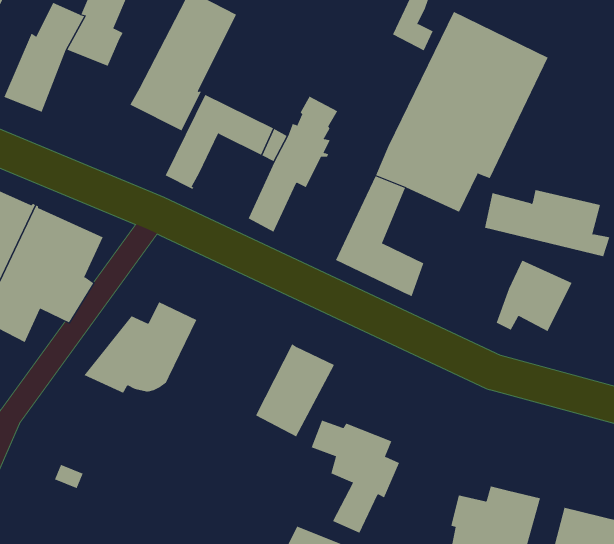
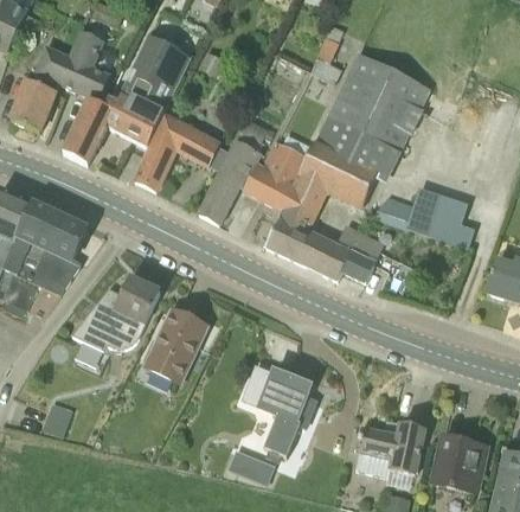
building: none -> [63,100,115,165]
building: none -> [244,141,307,210]
building: [496,260,572,332] -> [326,225,385,281]
building: [255,343,335,437] -> [145,309,206,382]

